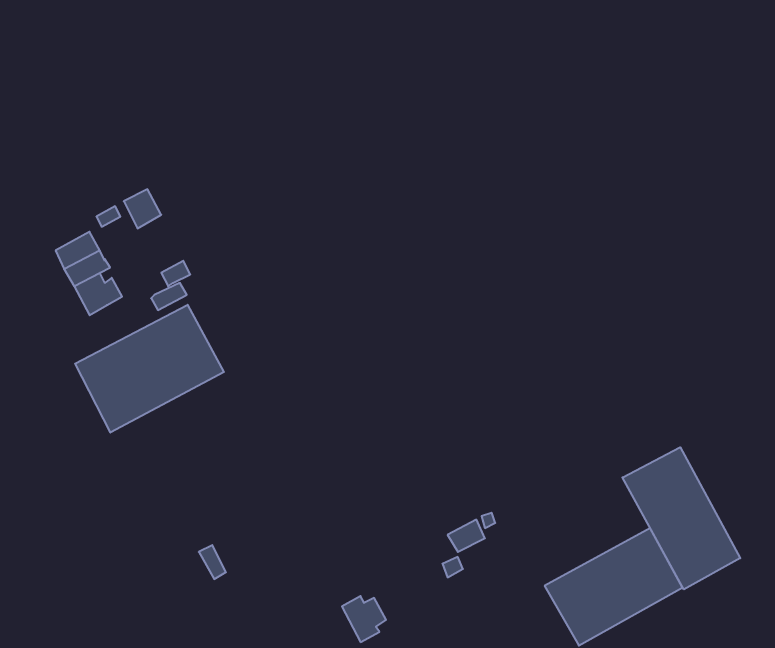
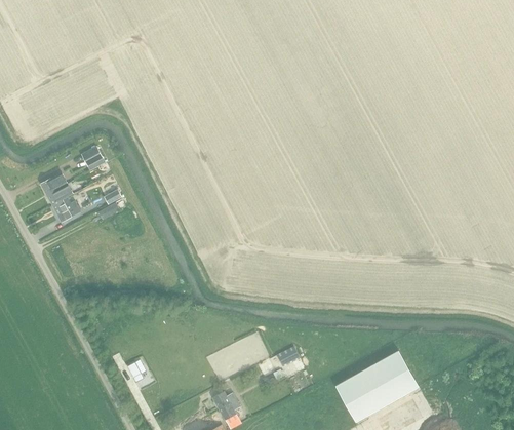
building: [75,305,224,433] -> none
building: [622,447,740,589] -> none

